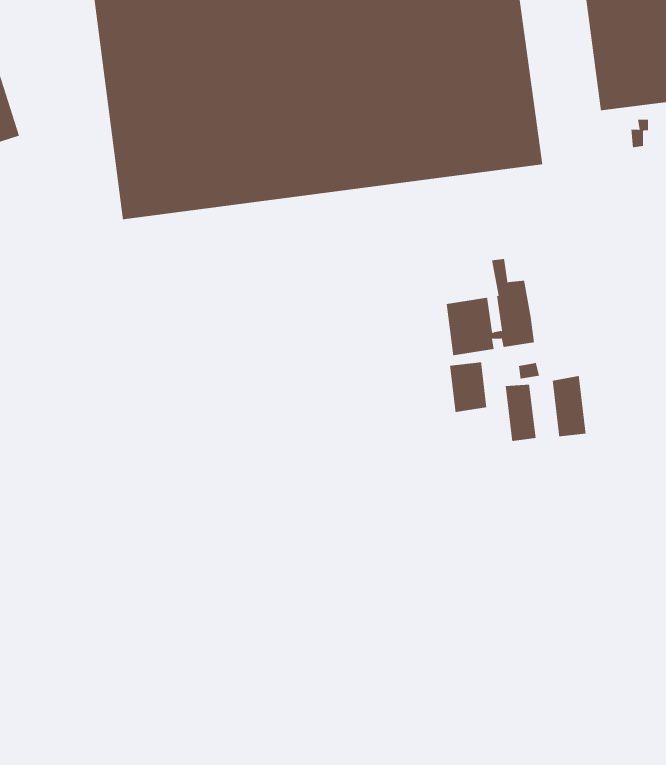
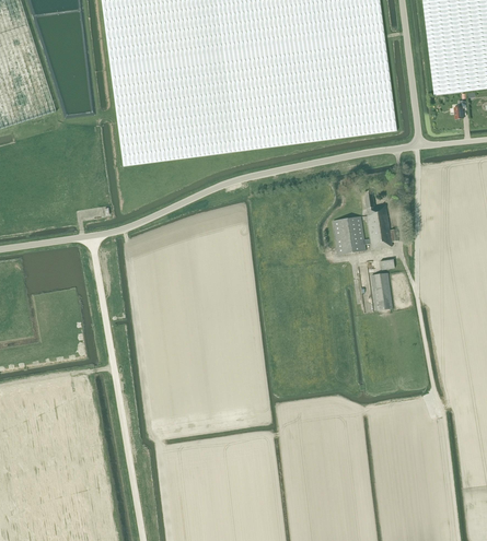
building: [449,362,487,413] -> none
building: [552,375,586,437] -> none

